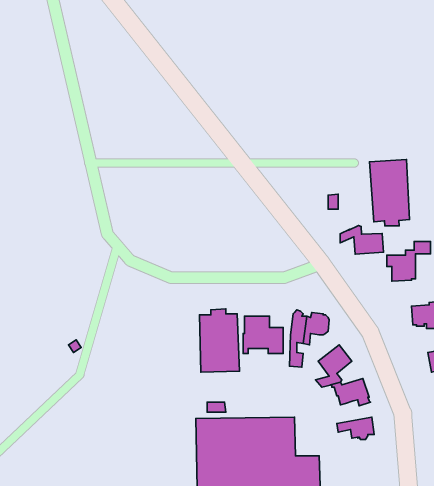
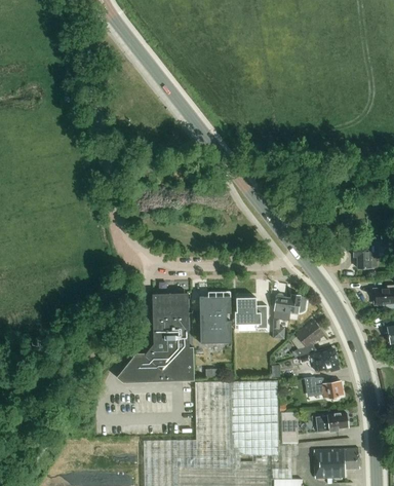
building: [369,160,410,226] -> none
building: [340,226,383,254] -> none
building: none -> [115,294,192,382]
building: none -> [315,413,347,433]

